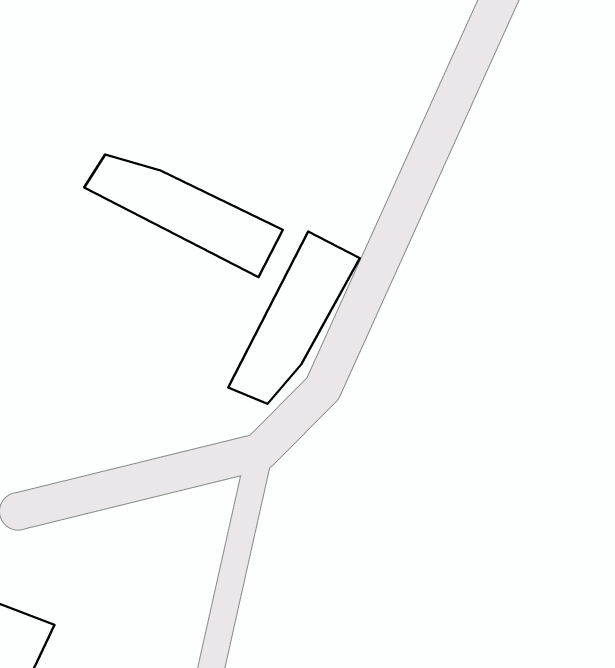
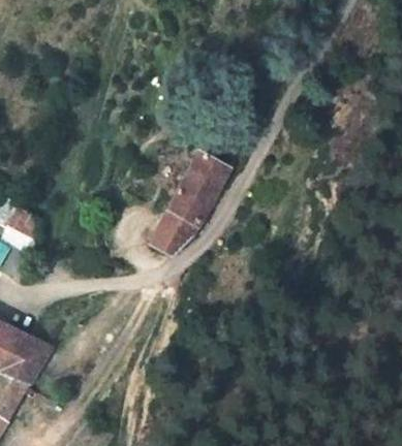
building: [84,154,283,277] -> none

